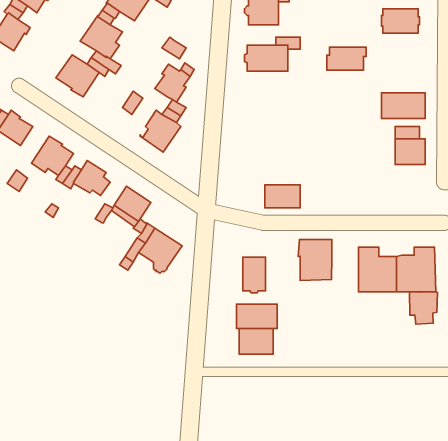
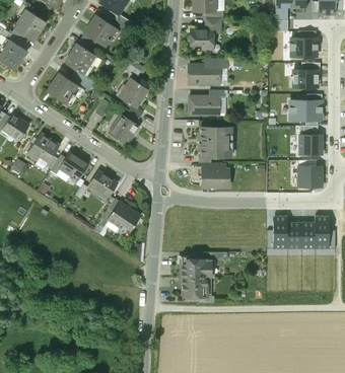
building: [327,47,366,70] -> [291,70,321,87]
building: none -> [190,96,218,115]
building: none -> [199,127,229,156]
building: none -> [299,166,323,186]
building: [298,239,332,280] -> none
building: [243,257,265,293] -> none
building: [410,292,437,324] -> none

